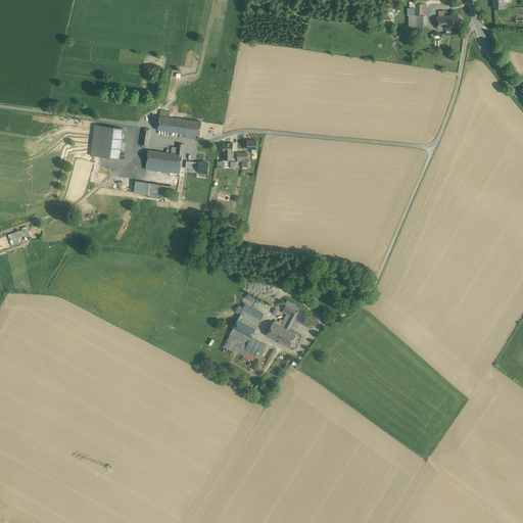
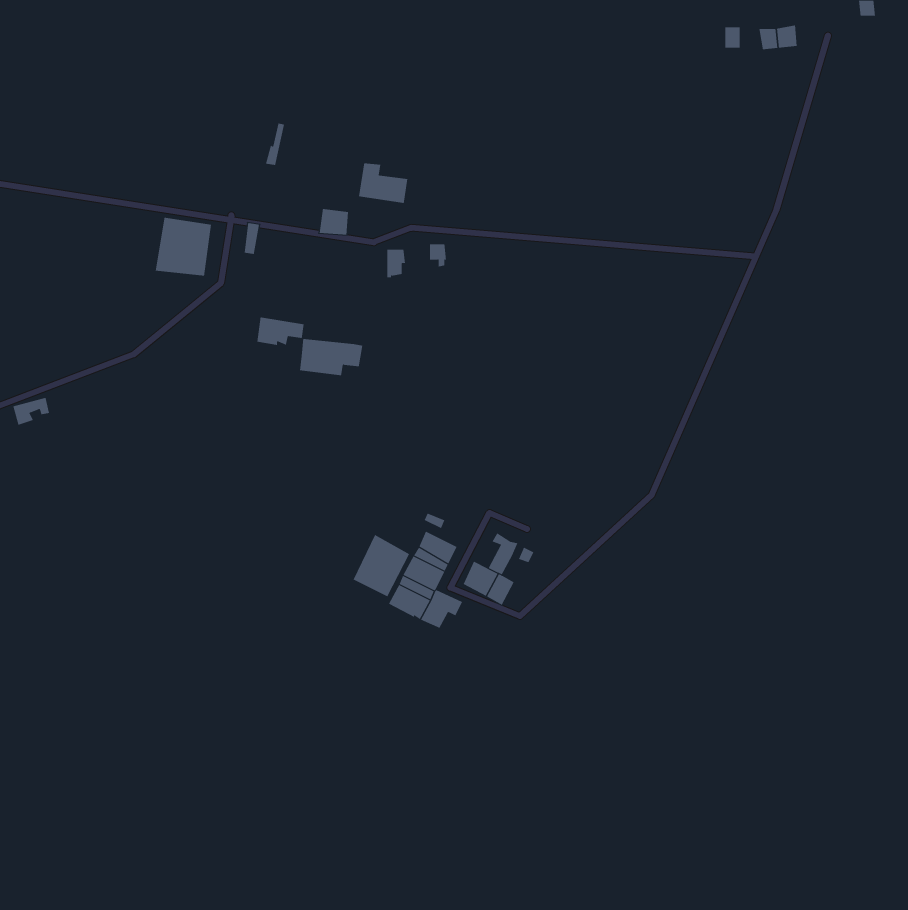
building: [156,110,185,134] -> [358,163,408,204]
building: [145,150,182,172] -> [299,338,363,376]
building: none -> [353,534,410,597]

